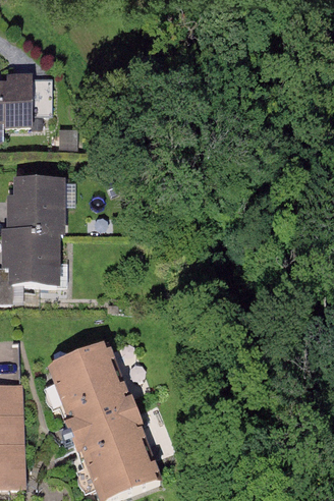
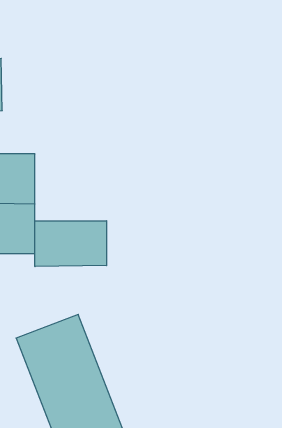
building: none -> [35,221,107,267]

